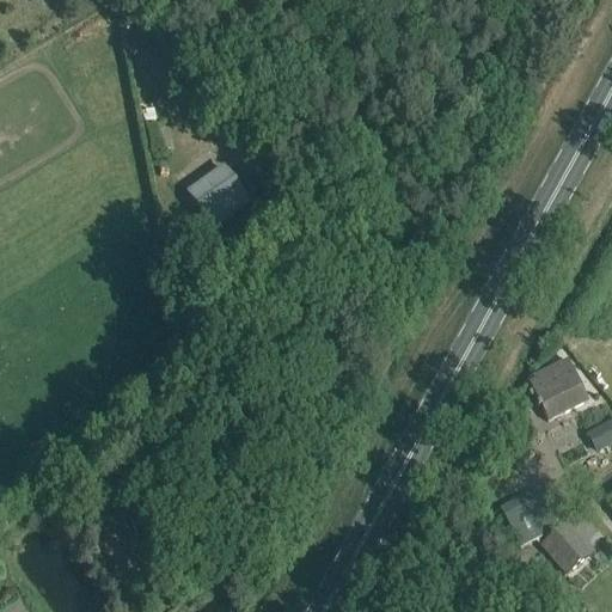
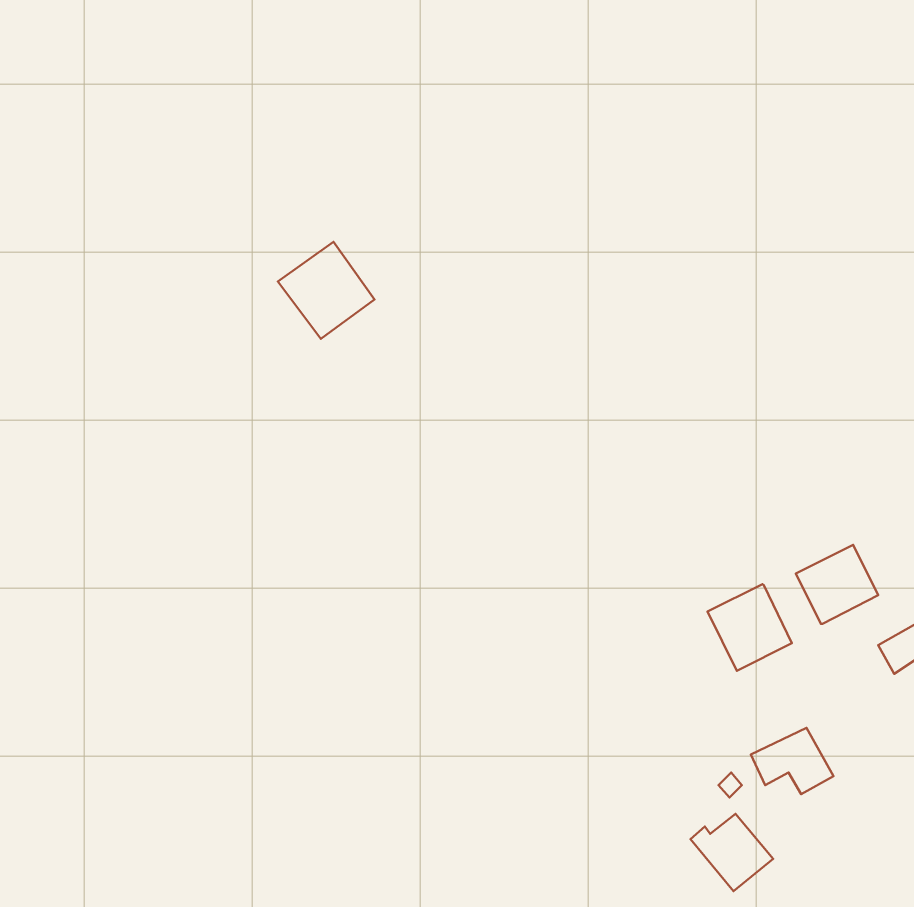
building: none -> [707,584,792,671]
building: [537,521,592,573] -> [691,814,773,891]

